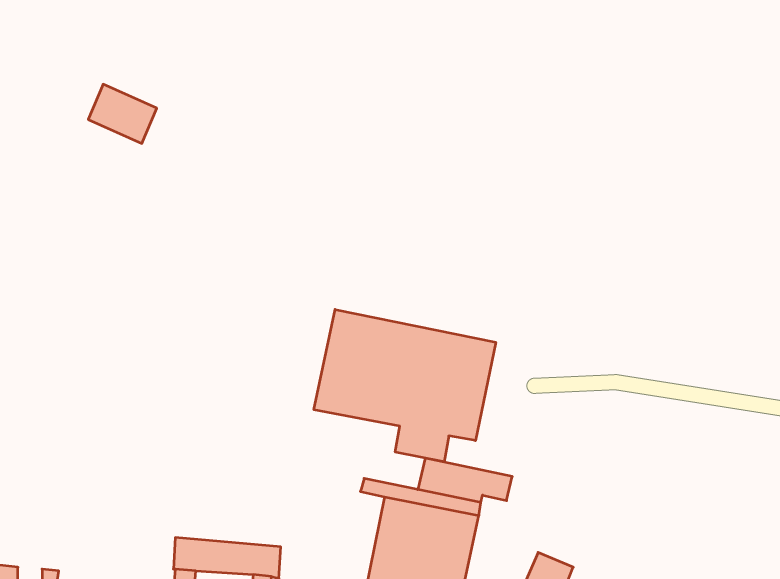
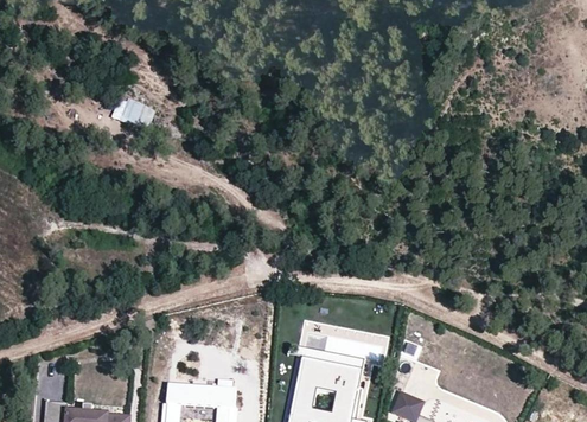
building: [314,309,496,462] -> none

